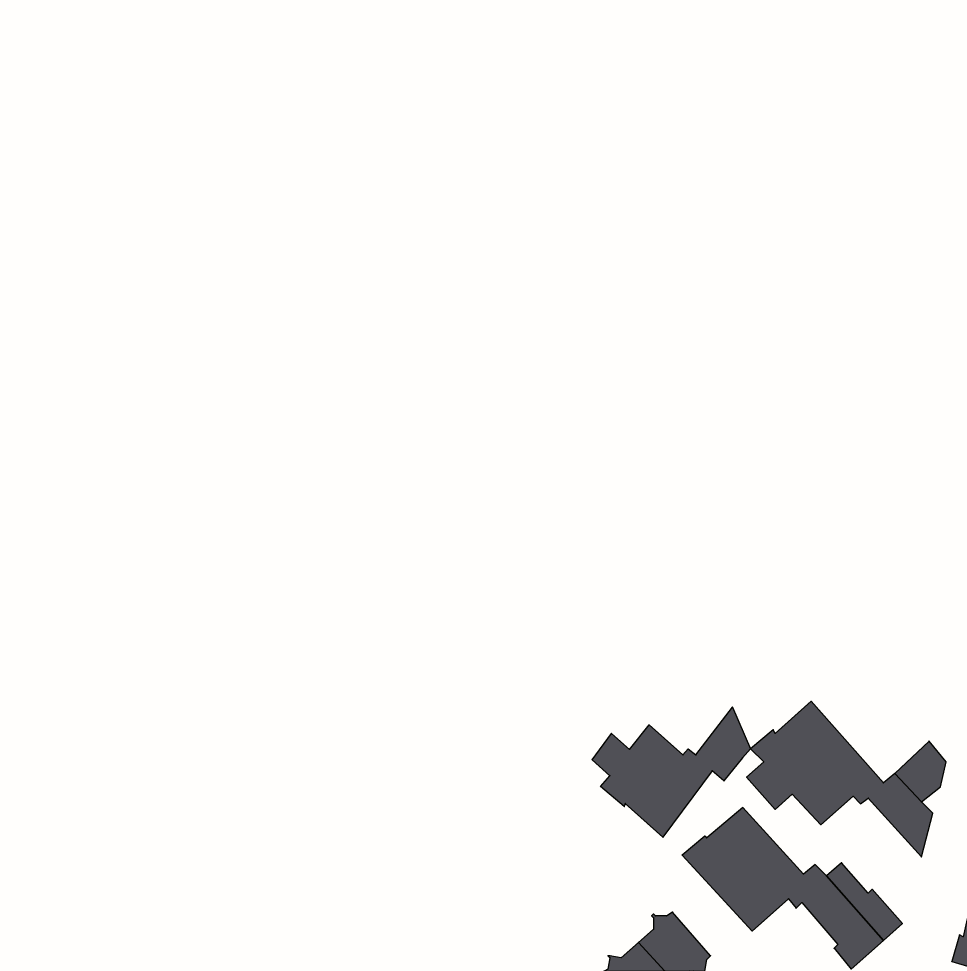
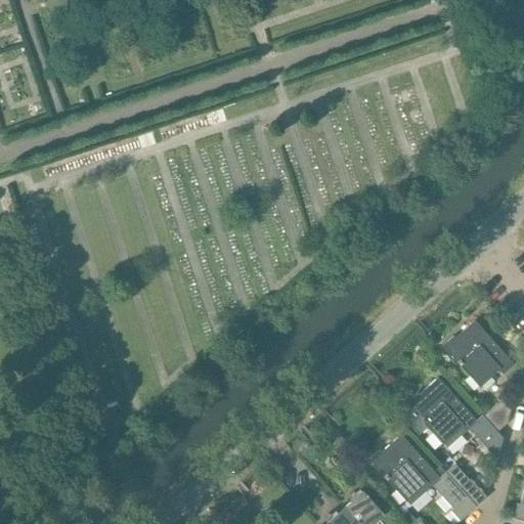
building: none -> [443,320,515,388]
building: [592,707,750,837] -> none

